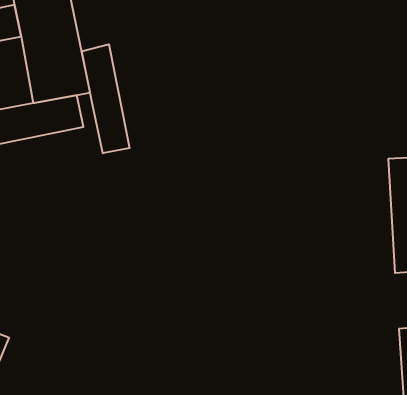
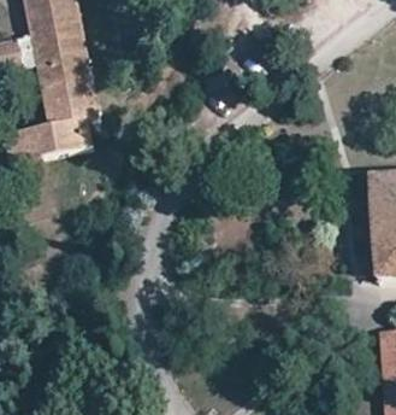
building: [82,44,130,153] -> none

